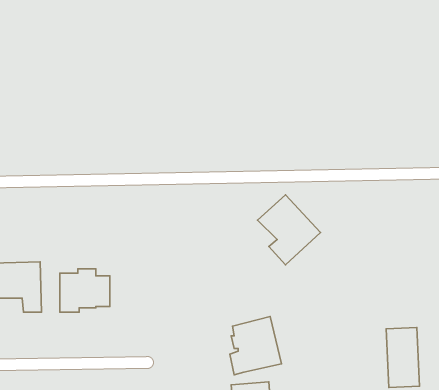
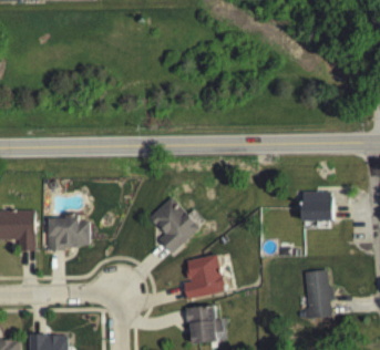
building: [258,195,320,265] -> [148,199,198,255]
building: none -> [302,184,335,216]

